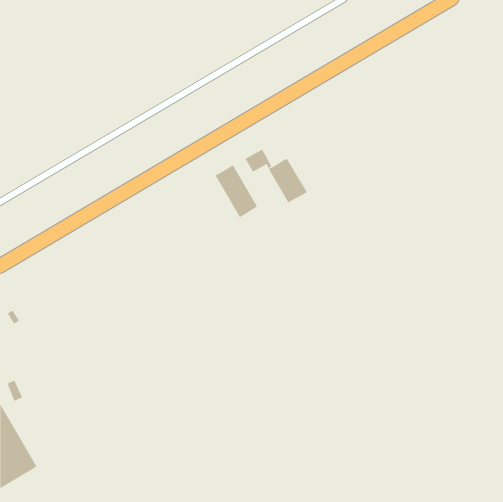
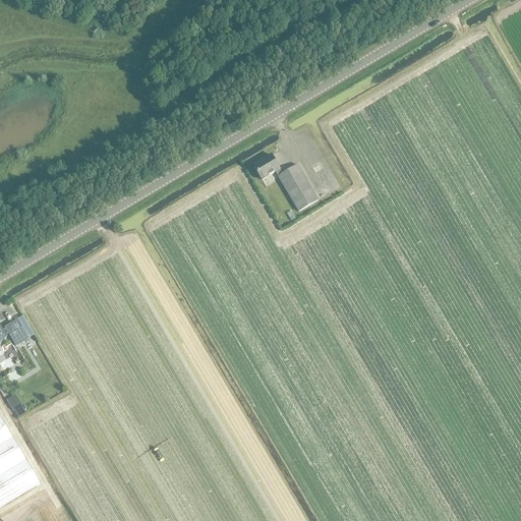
building: [215,165,258,218] -> none

